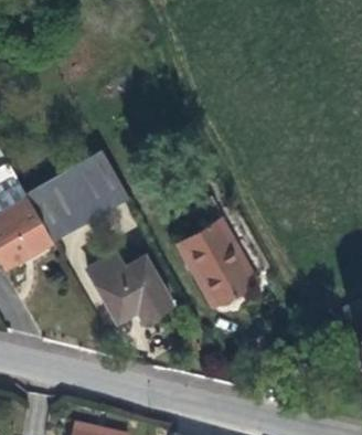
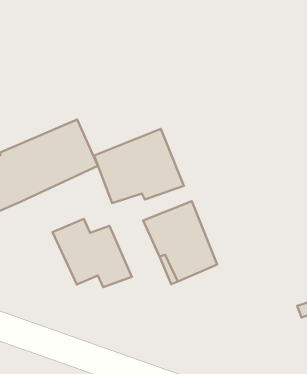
building: none -> [94,129,184,203]

